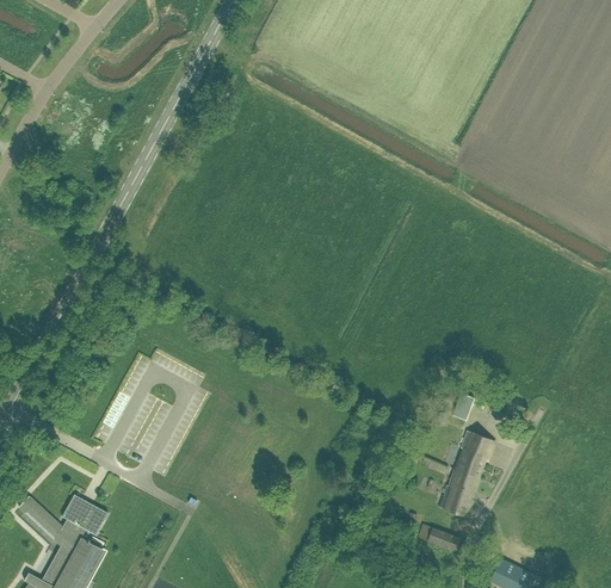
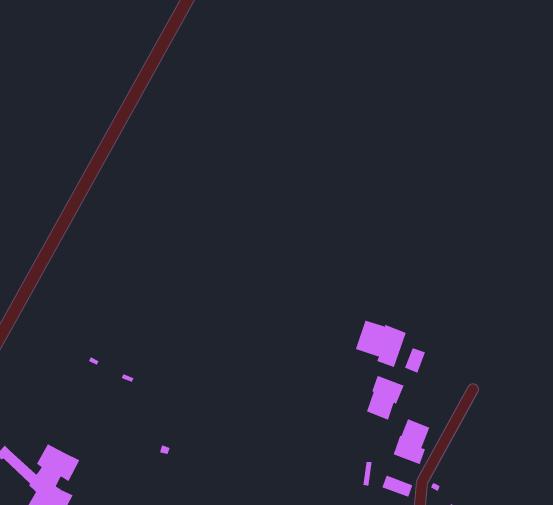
building: none -> [355,320,407,368]
building: [455,431,495,478] -> [366,375,404,420]

